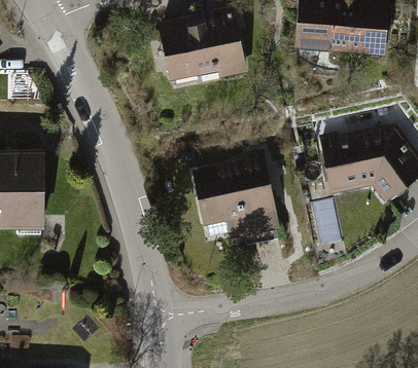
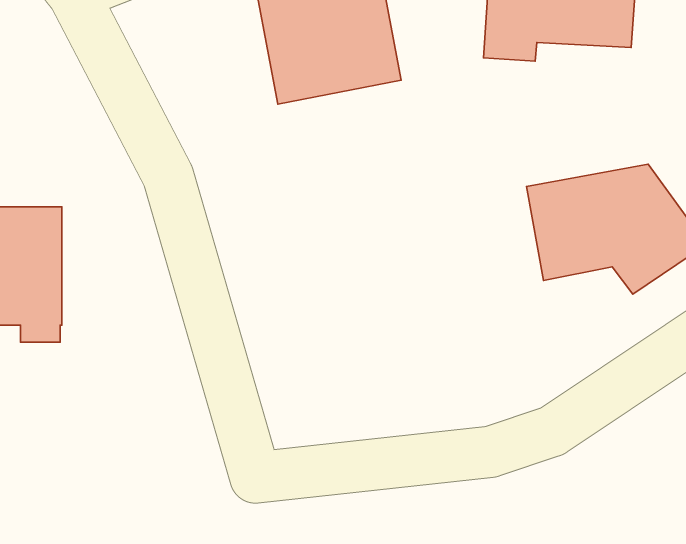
building: [193,153,280,247] -> none

